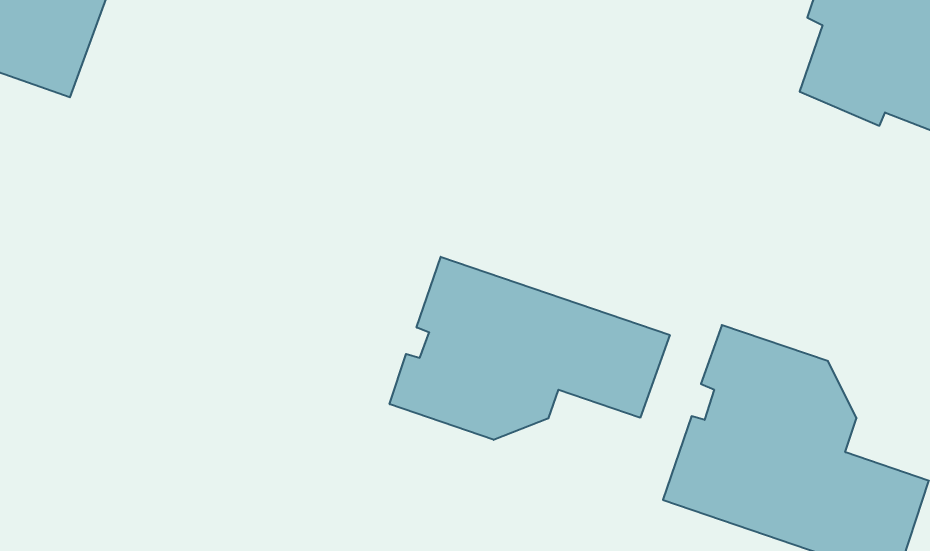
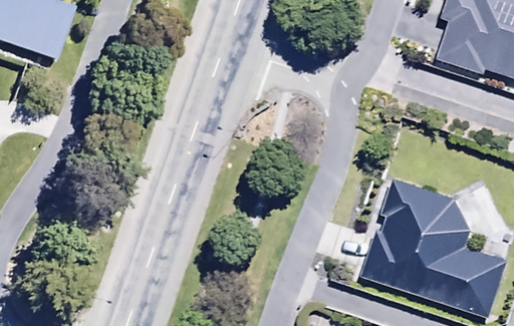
building: [390,257,670,440] -> none

